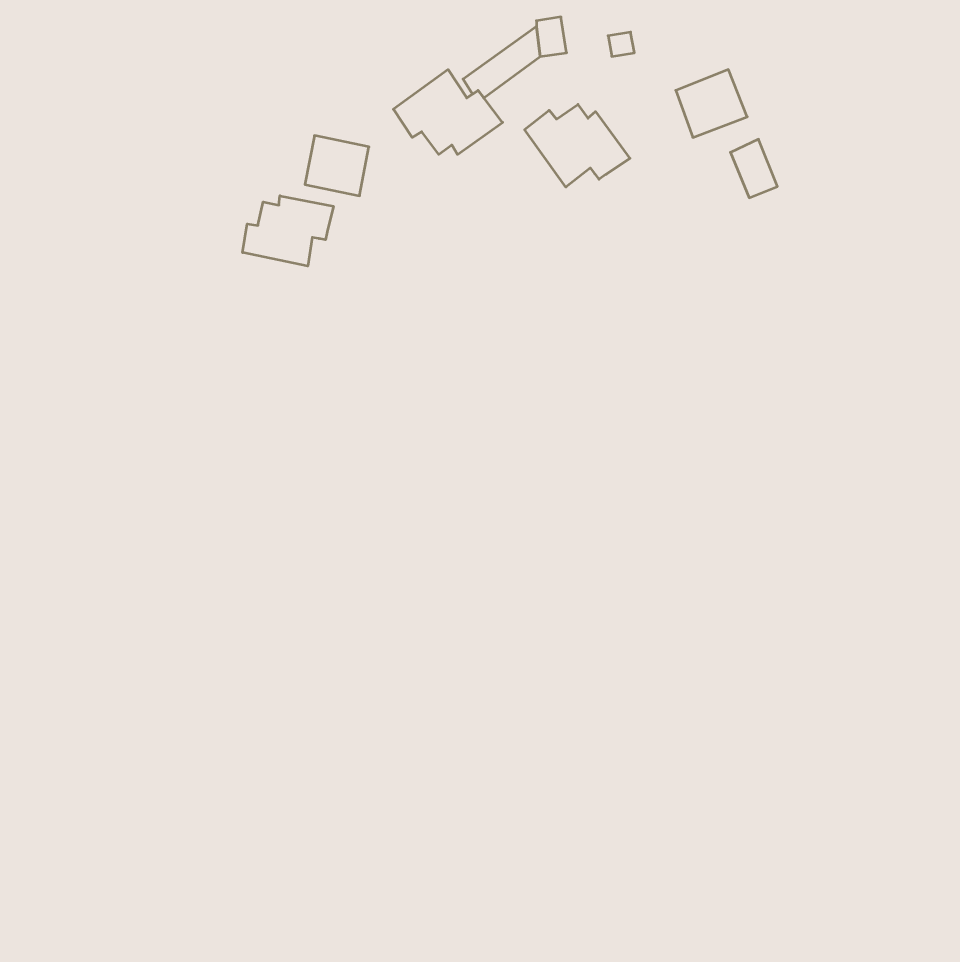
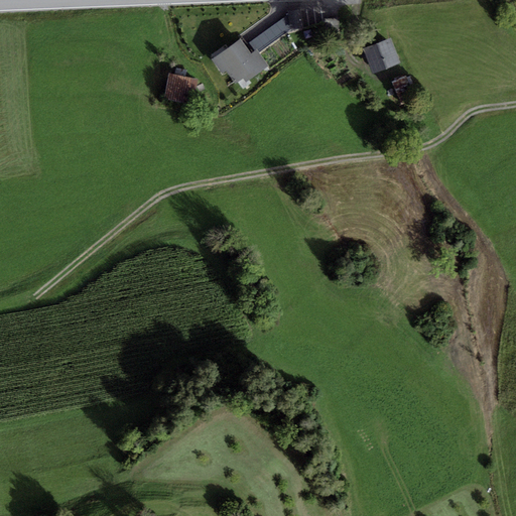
building: [525,104,630,187] -> none
building: [243,196,333,266] -> none

